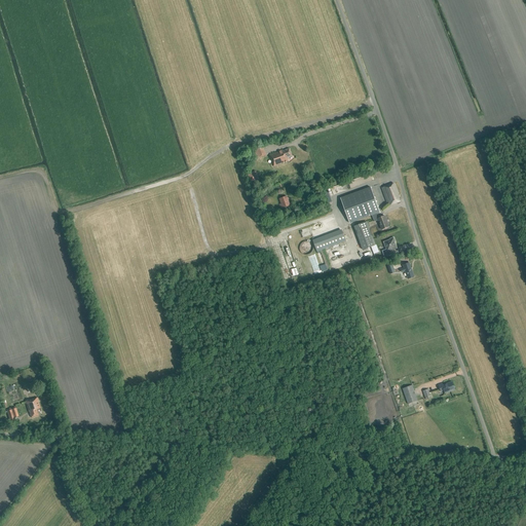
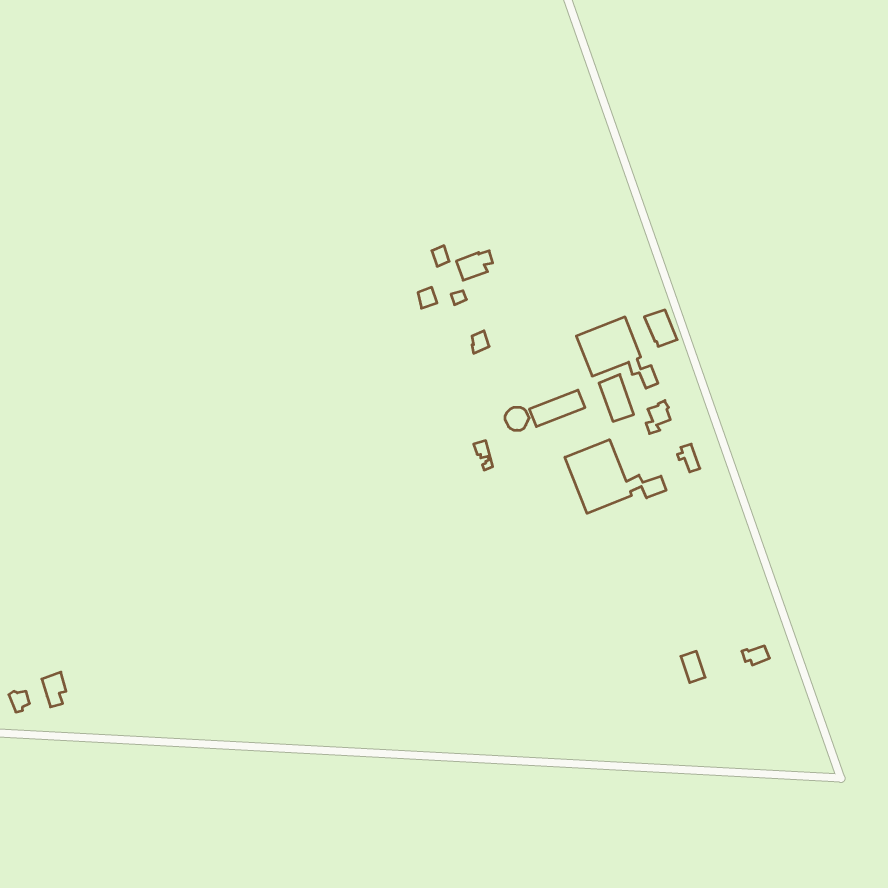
building: none -> [565,440,666,513]

